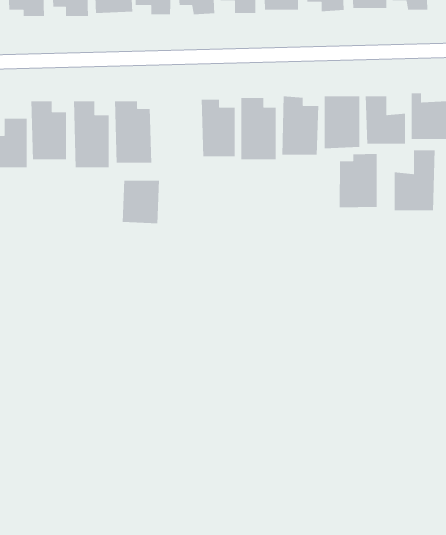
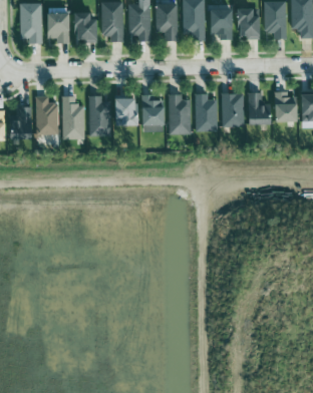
building: [394,150,435,211] -> none
building: [339,153,377,208] -> none
building: [122,180,160,224] -> [115,98,139,126]

